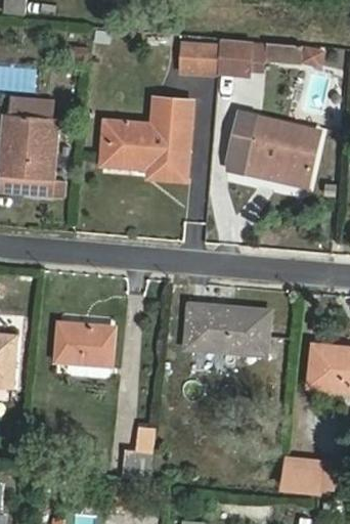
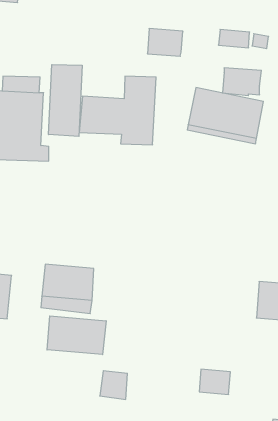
building: [219,41,265,74] -> [222,68,261,96]
building: none -> [49,65,82,136]
building: [185,300,272,355] -> none
building: none -> [47,316,106,355]
building: [285,462,321,491] -> [199,369,230,394]

